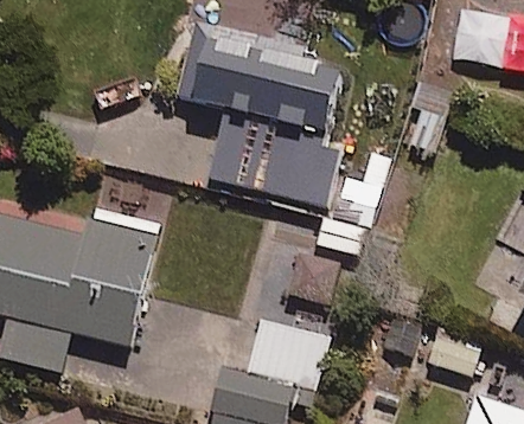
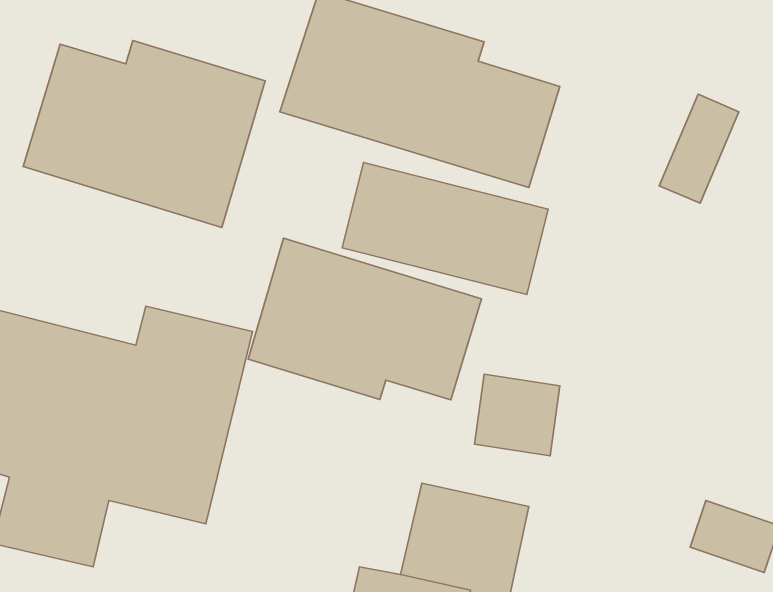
building: none -> [23,41,265,228]
building: none -> [248,238,482,400]

